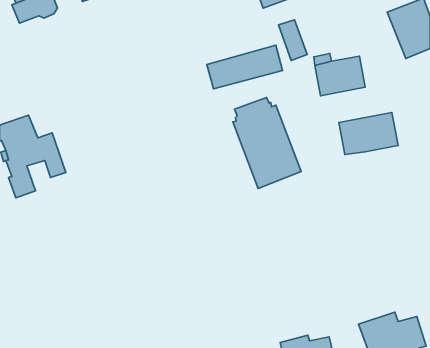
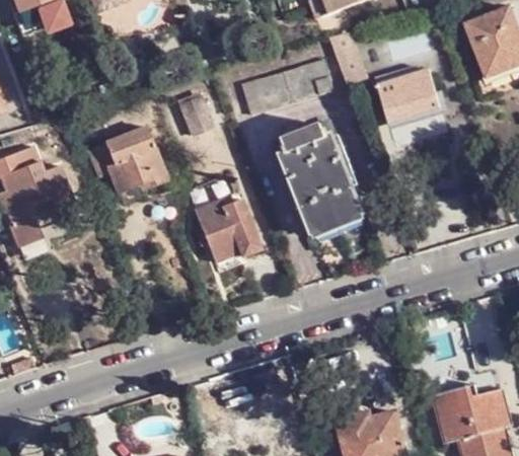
building: none -> [178,93,215,137]
building: none -> [88,127,166,192]
building: [339,113,398,154] -> none
building: none -> [194,198,258,260]

